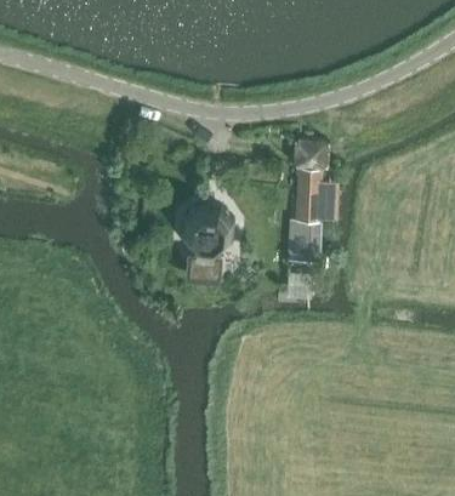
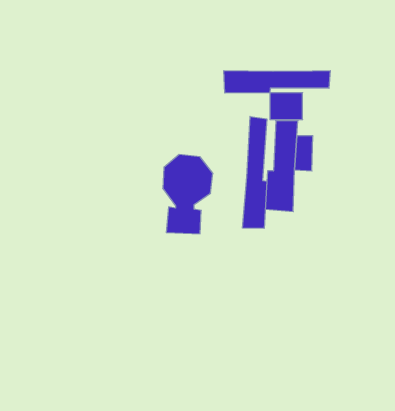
building: none -> [224,71,330,93]
building: none -> [243,116,267,228]

